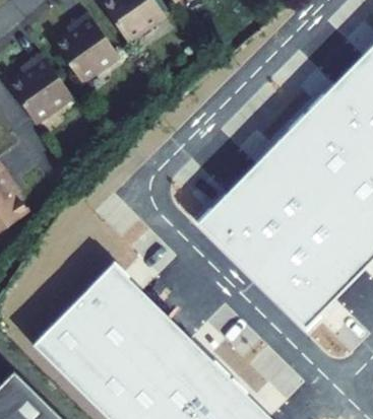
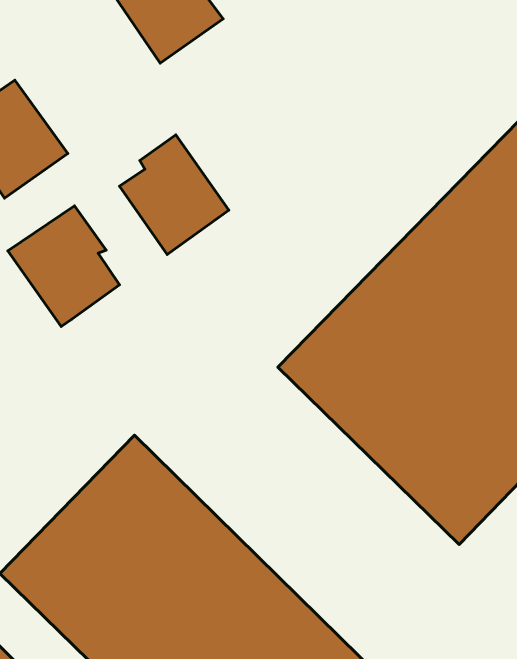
building: [54,12,119,83] -> [119,135,229,254]
building: none -> [8,206,120,327]

